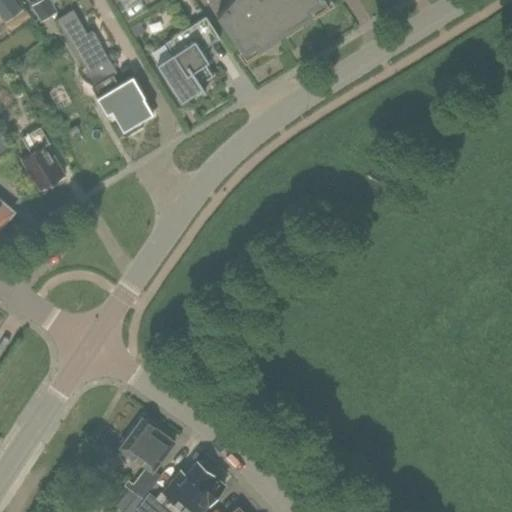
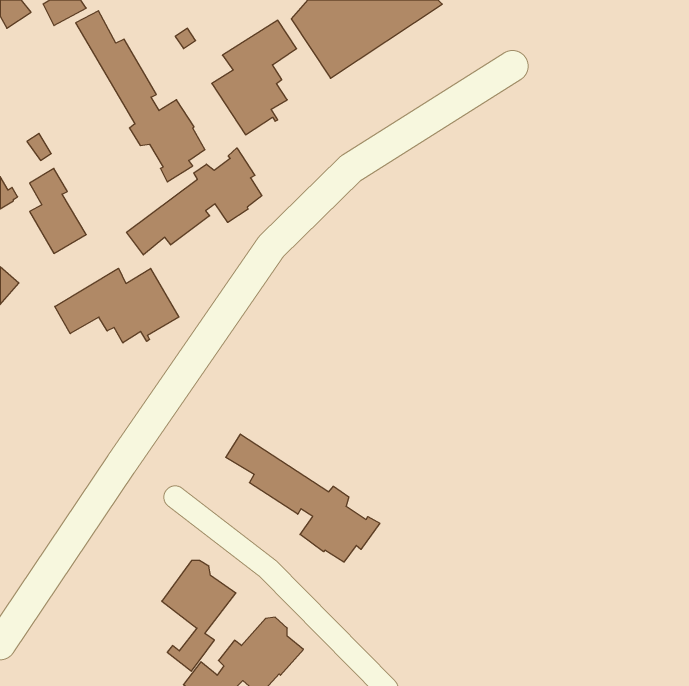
building: none -> [127,148,262,255]
building: none -> [55,268,179,343]
building: none -> [226,434,380,562]

